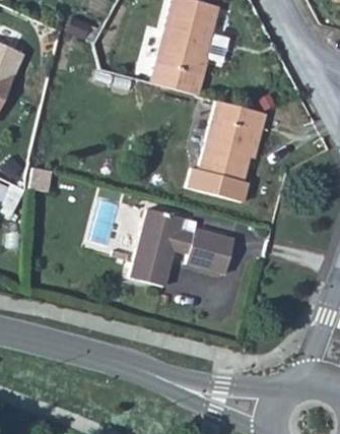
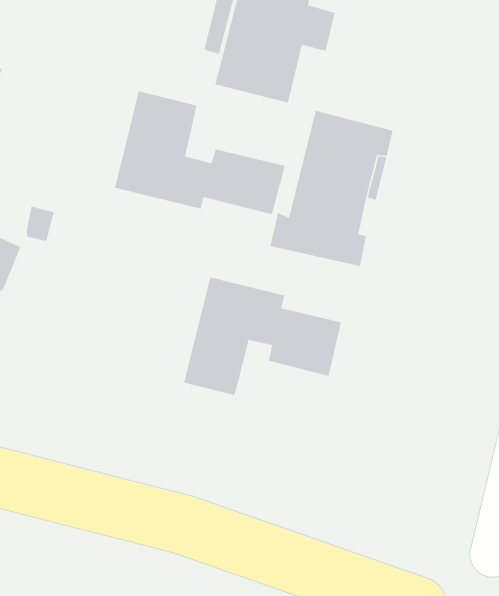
building: none -> [114,90,286,215]

